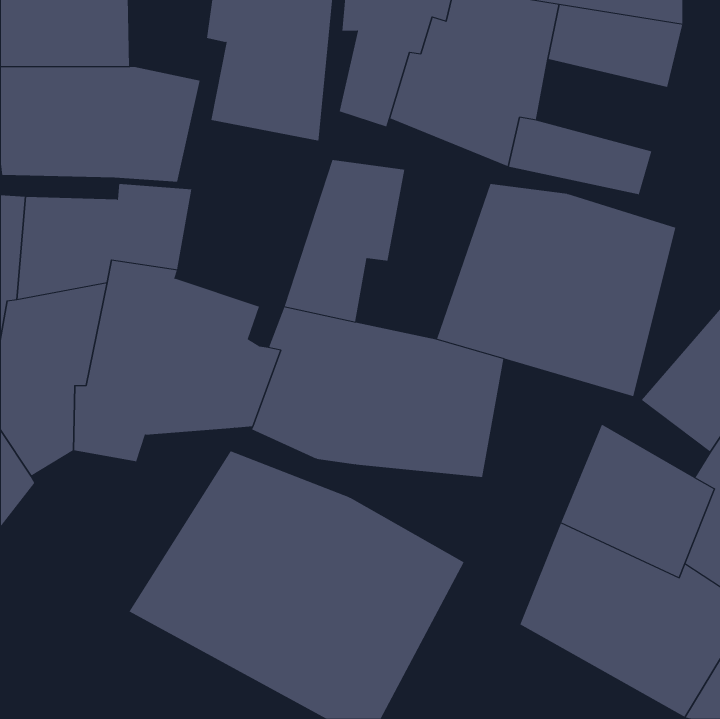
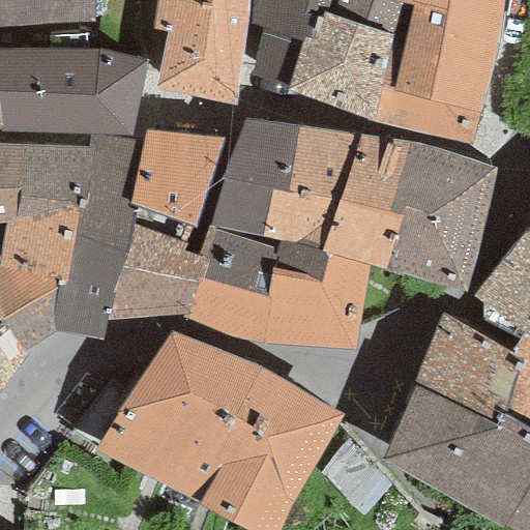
building: none -> [394,43,491,111]
building: none -> [262,124,360,248]
building: none -> [129,128,224,225]

